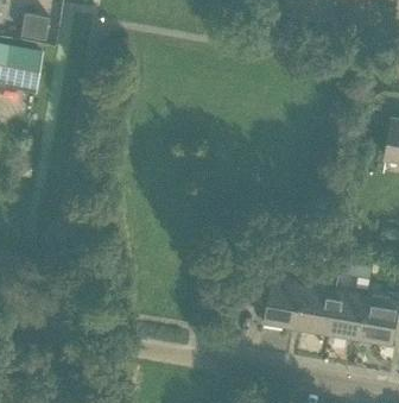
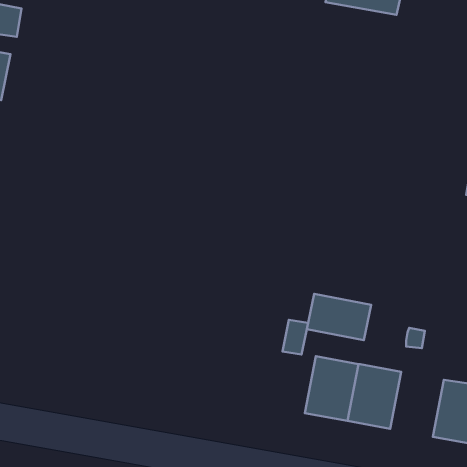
building: none -> [307,294,371,340]
building: [328,292,368,341] -> none

